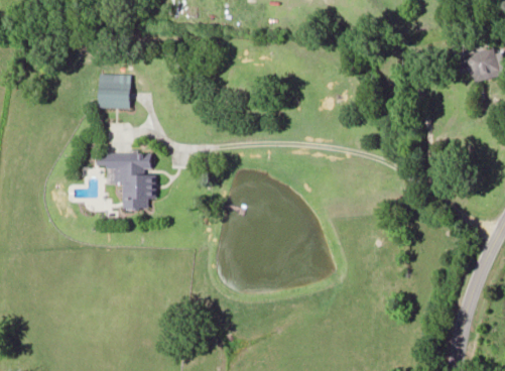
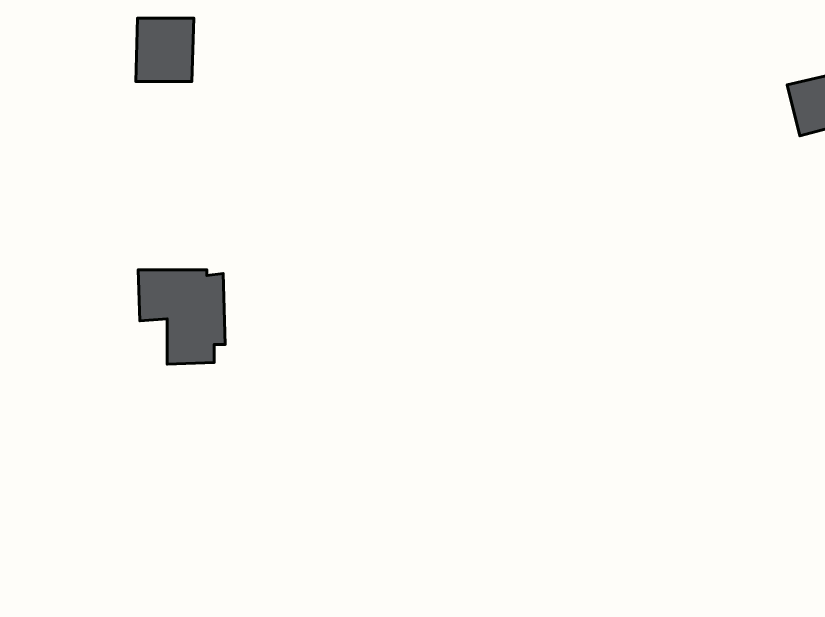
building: [98,72,130,107] -> [136,18,194,82]

